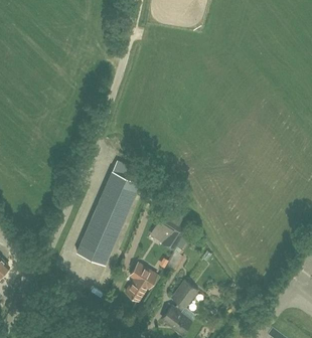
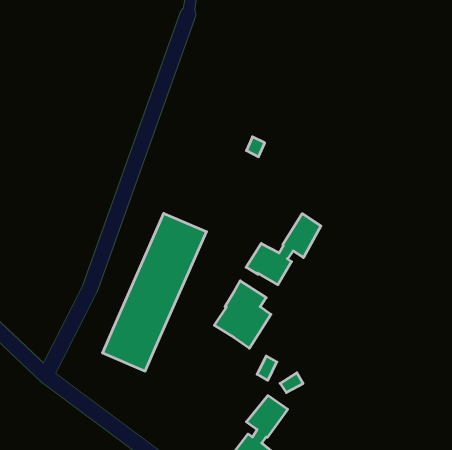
building: none -> [246,214,321,285]
building: [126,264,157,301] -> none

